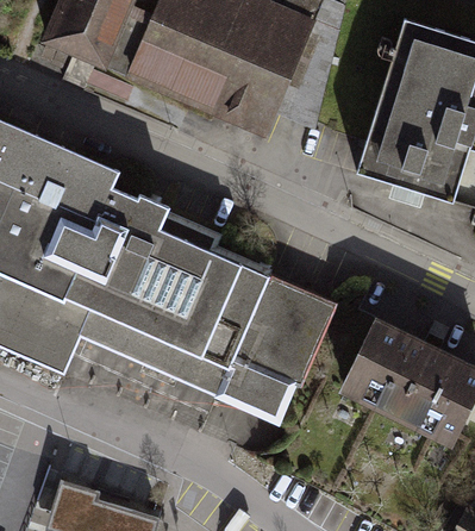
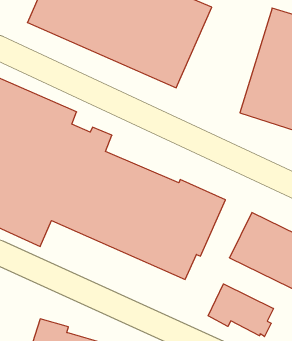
building: none -> [208,284,273,337]

